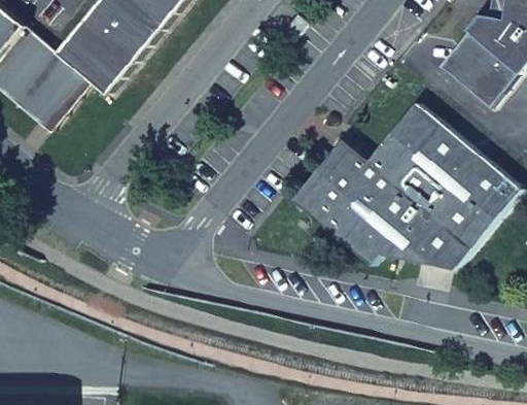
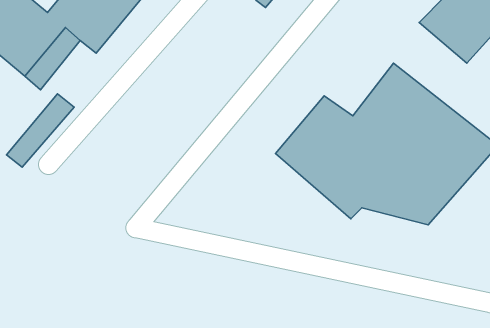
building: none -> [7,94,74,167]

